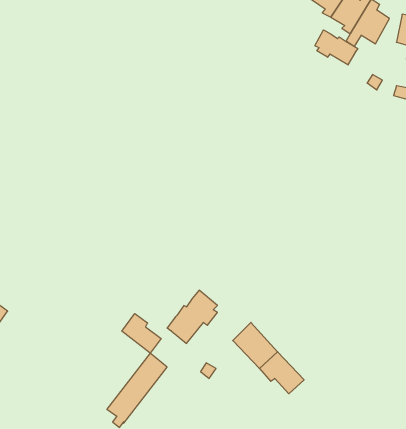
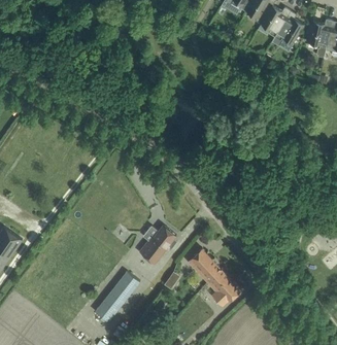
building: [315,30,358,65] -> none
building: [122,314,161,353] -> none

